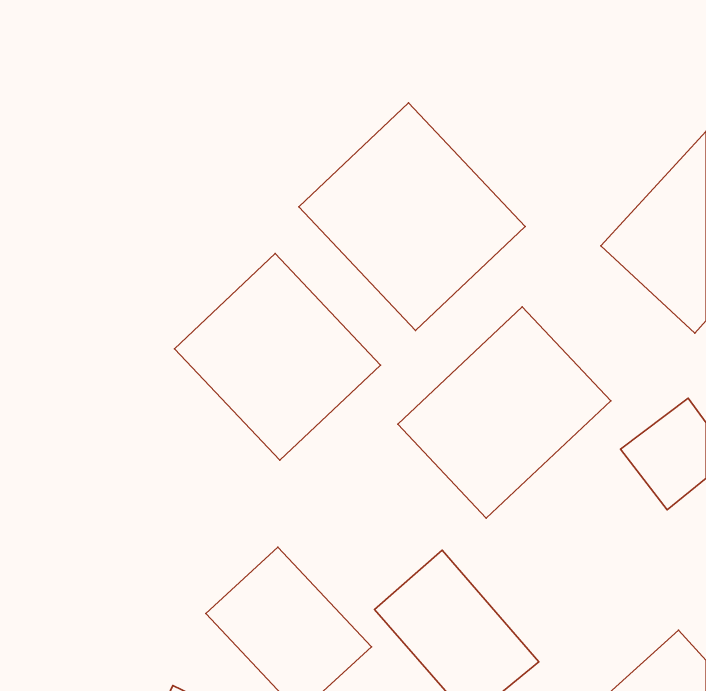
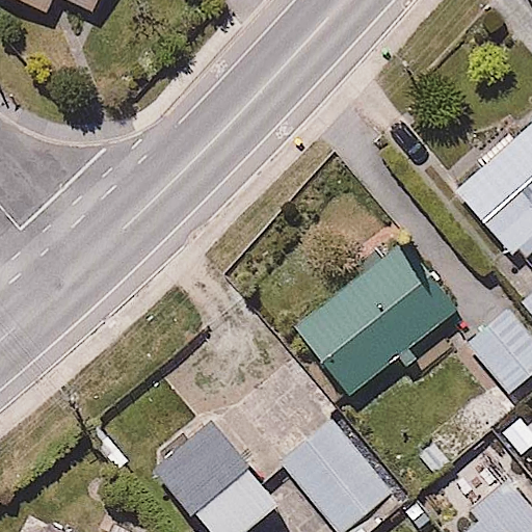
building: [299,103,525,331] -> none
building: [174,254,381,460] -> none

